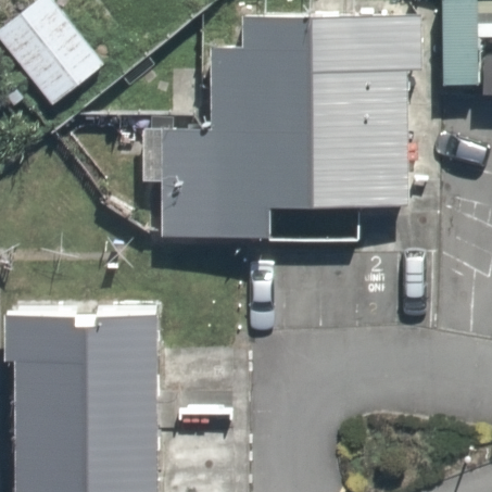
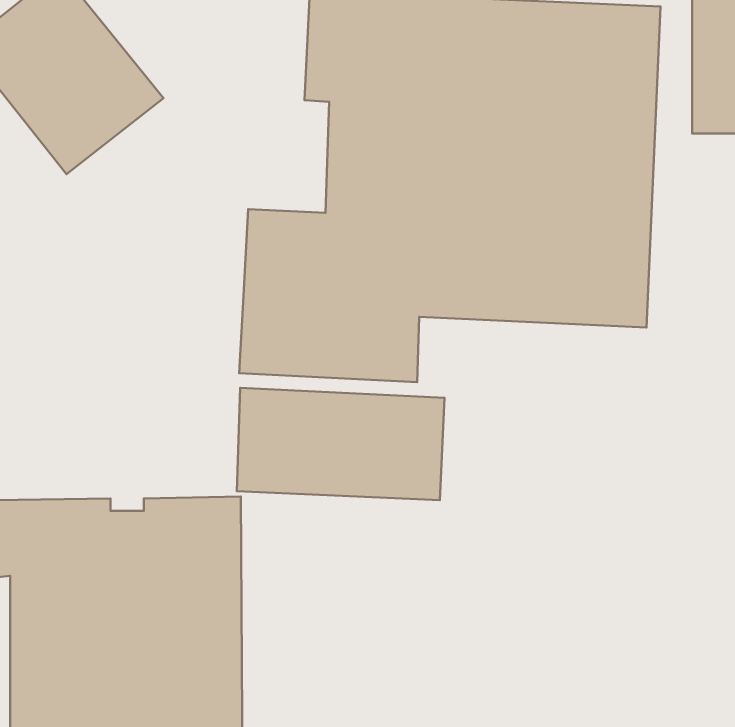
building: none -> [237,388,444,500]

